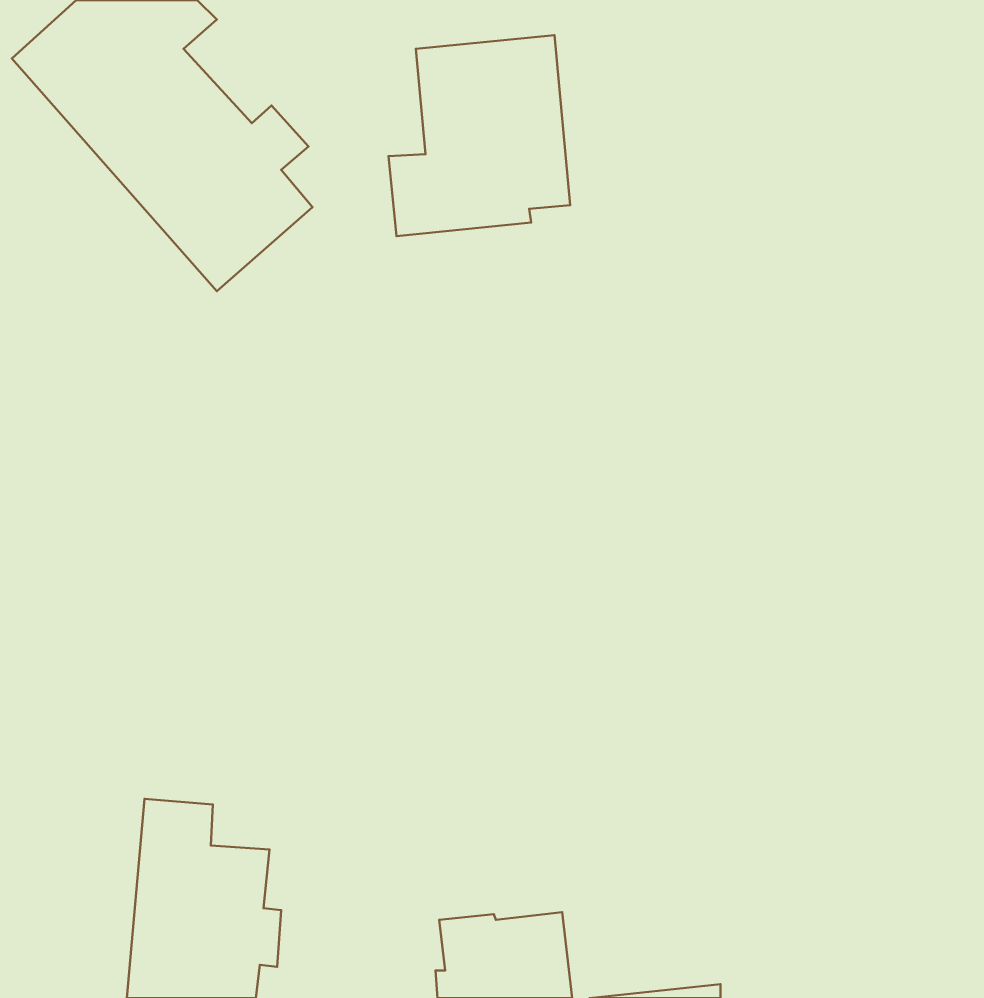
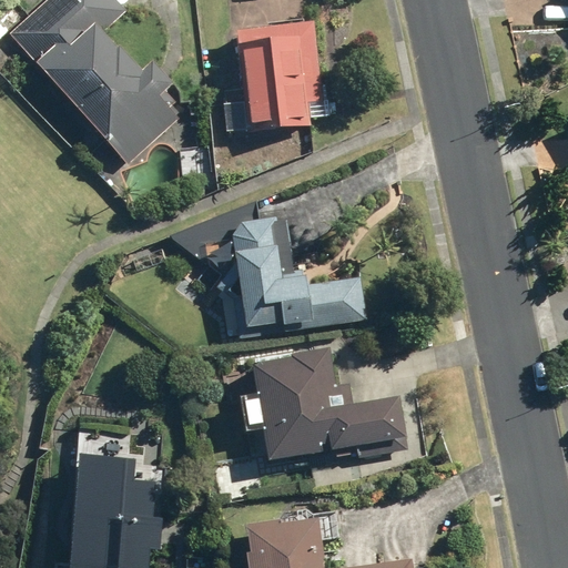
building: none -> [215,214,364,338]
building: none -> [255,347,407,460]

